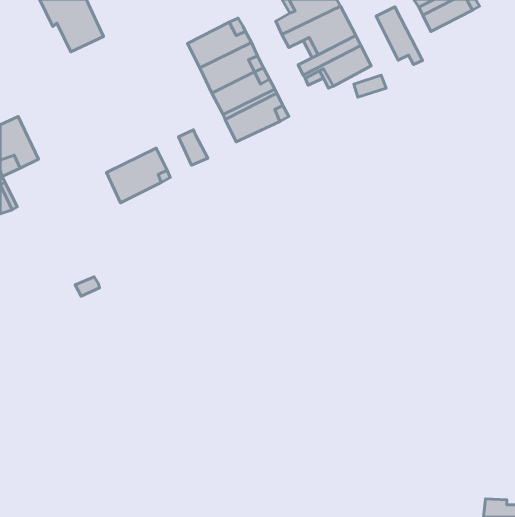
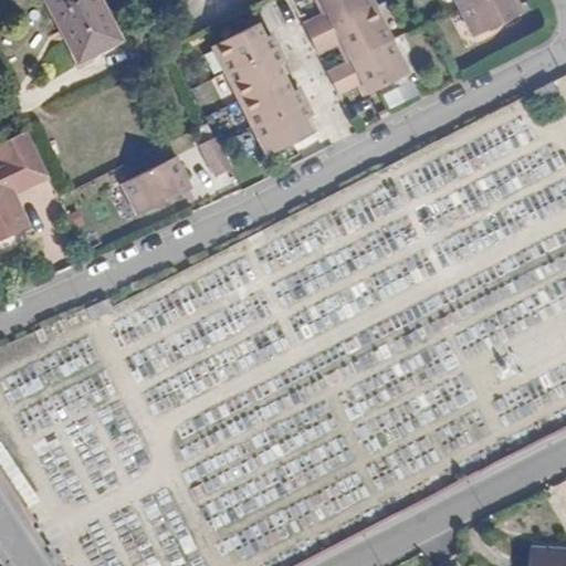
building: [376,7,422,64] -> none

